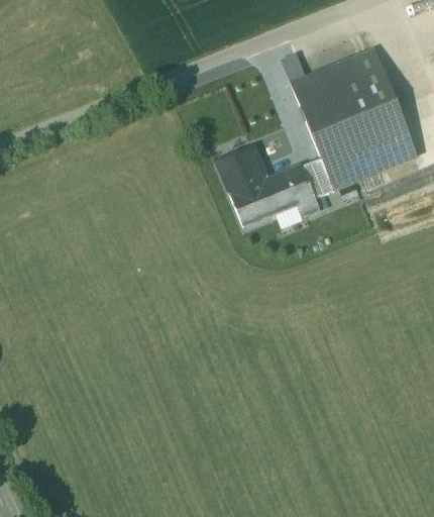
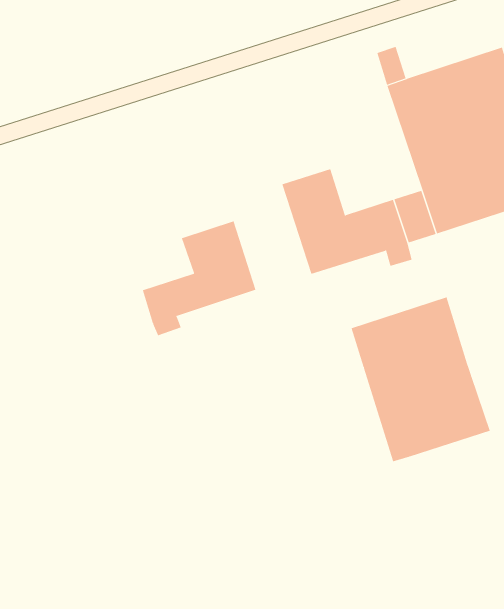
building: none -> [142,220,256,336]
building: none -> [351,297,491,462]

